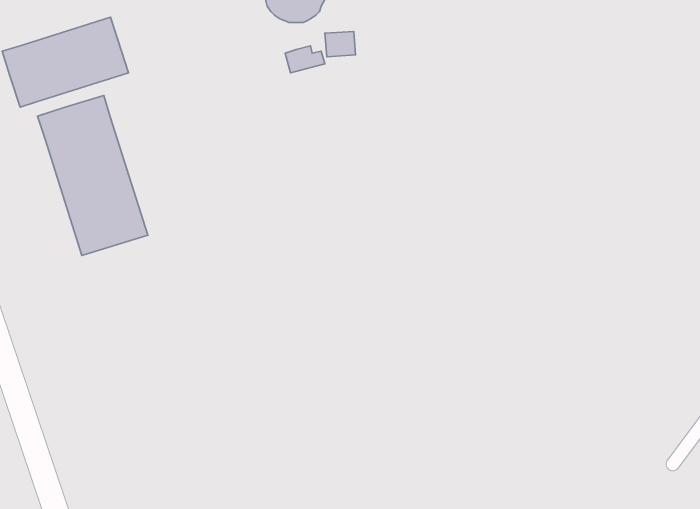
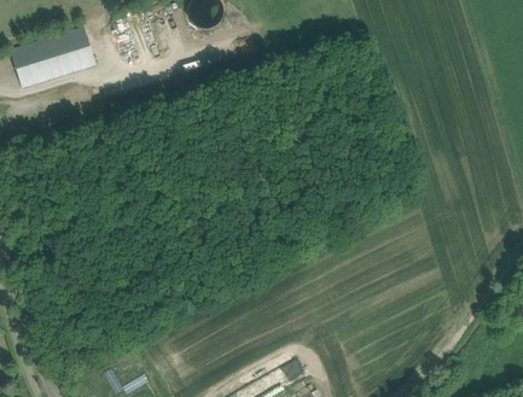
building: [38,96,148,256] -> none

